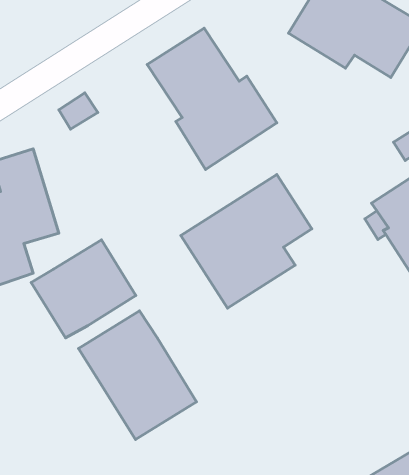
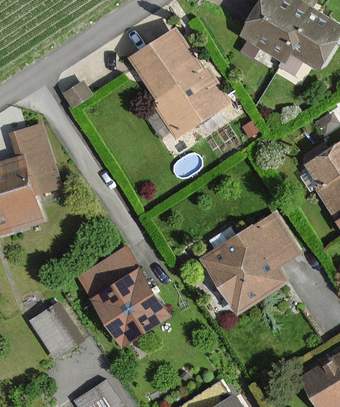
building: [181,174,312,308] -> [200,212,301,315]
building: [31,240,136,338] -> none
building: none -> [28,302,83,360]

